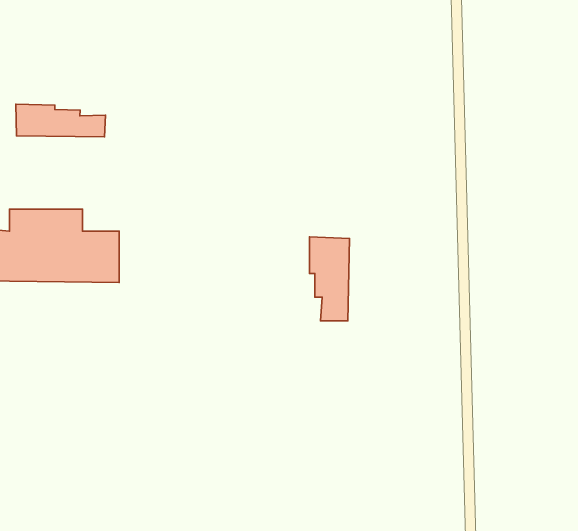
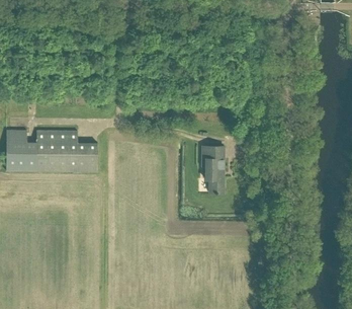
building: [16,104,105,137] -> none

